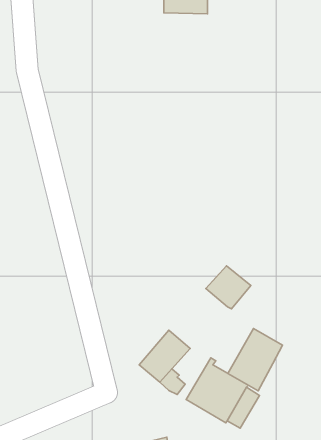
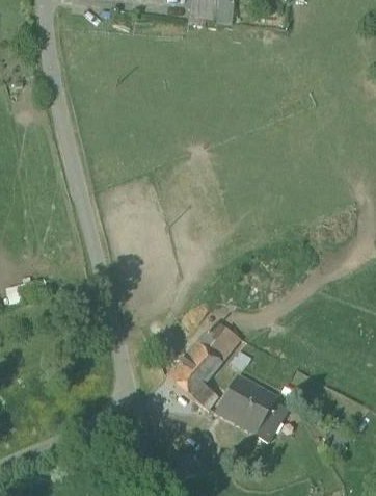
building: [206,266,251,309] -> [197,318,243,362]
building: [228,329,282,391] -> none

